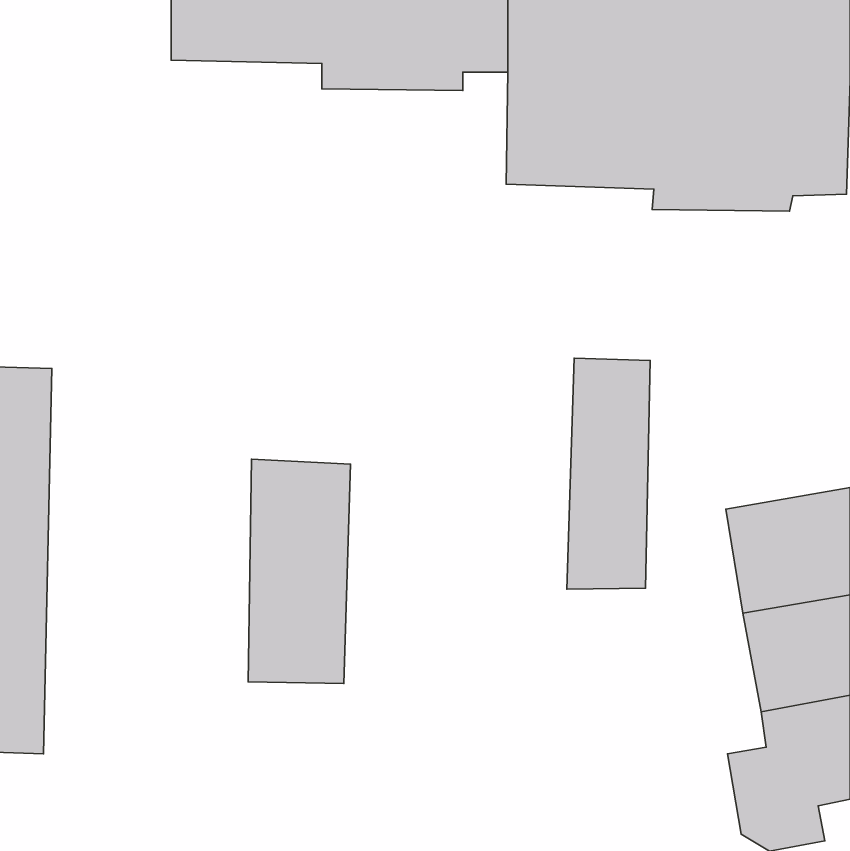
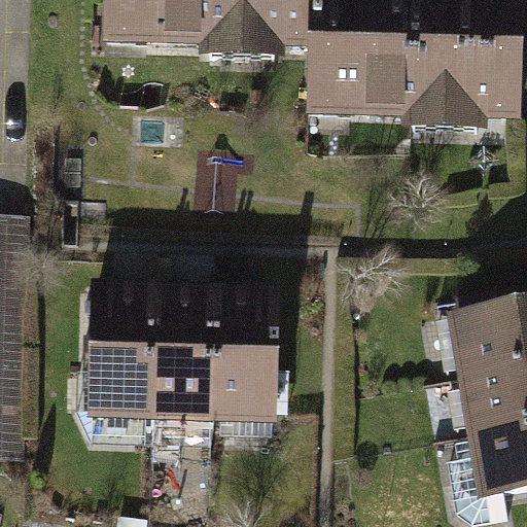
building: [567,358,650,589] -> none
building: none -> [85,281,154,419]
building: none -> [211,285,277,421]

